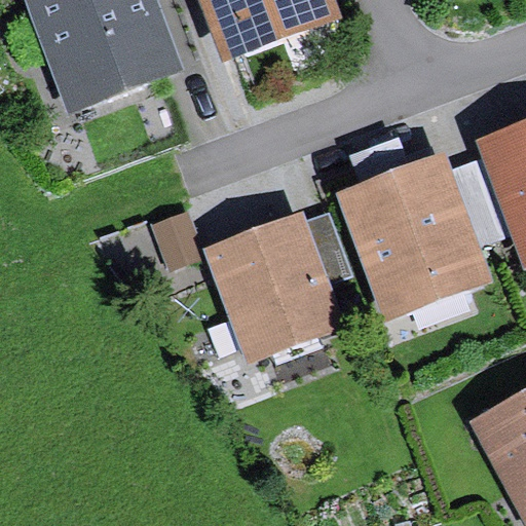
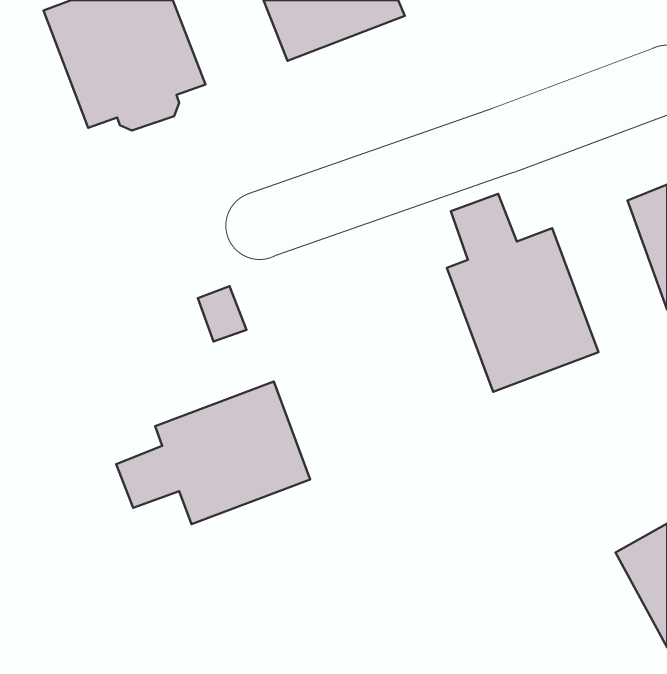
building: [210,219,342,356] -> none
building: none -> [116,382,310,524]

